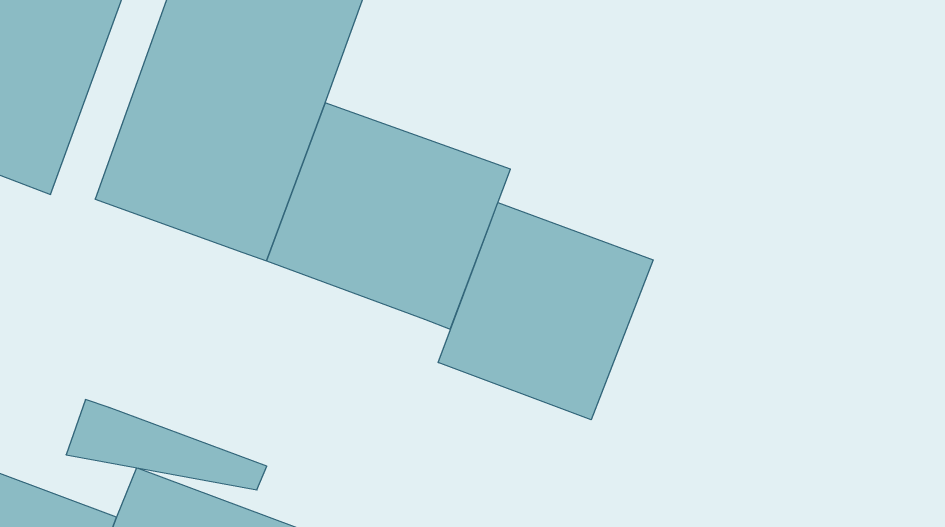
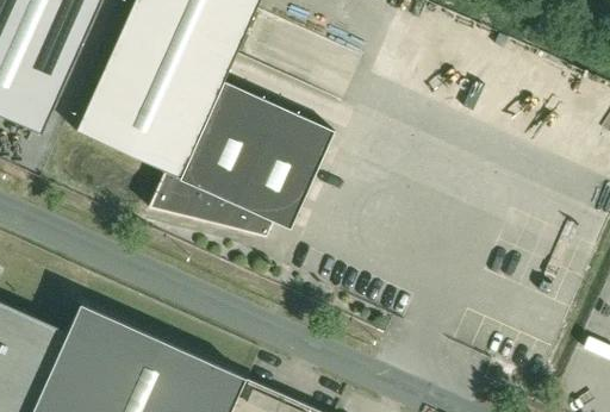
building: [438,203,653,420] -> none
building: [66,400,267,490] -> [148,174,272,237]

